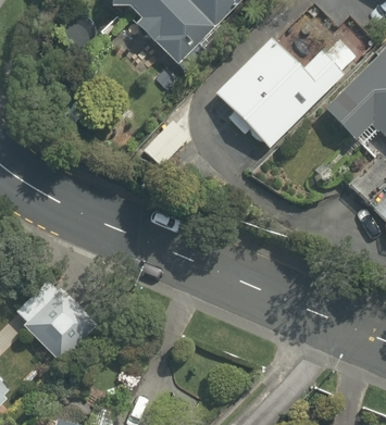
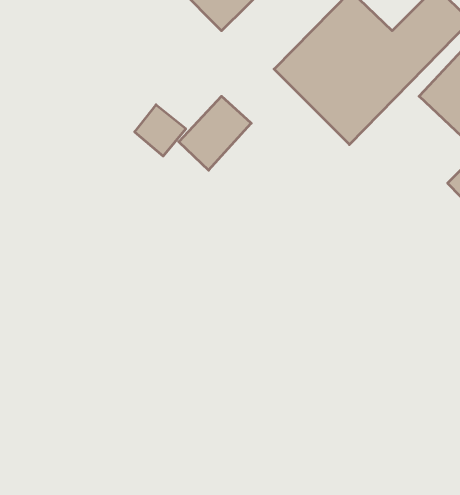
building: [15,276,85,343] -> none

